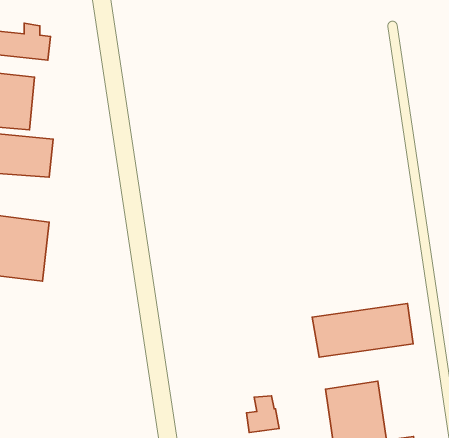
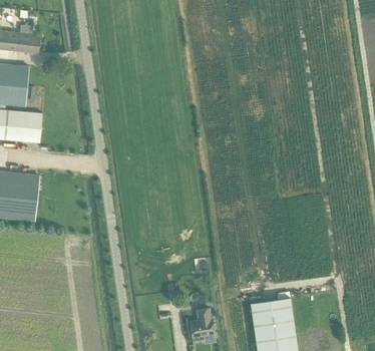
building: [312,303,413,357] -> none

